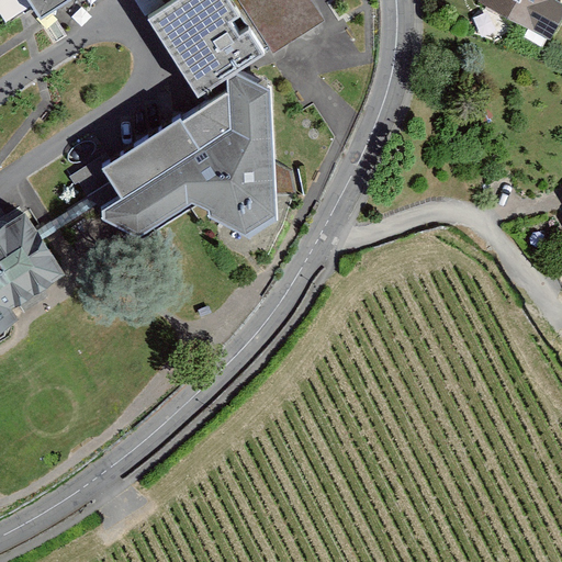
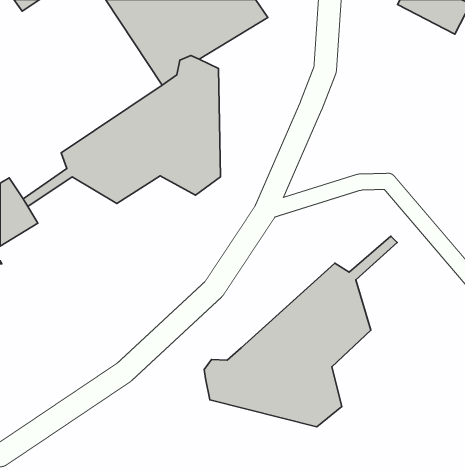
building: none -> [204,236,397,427]

